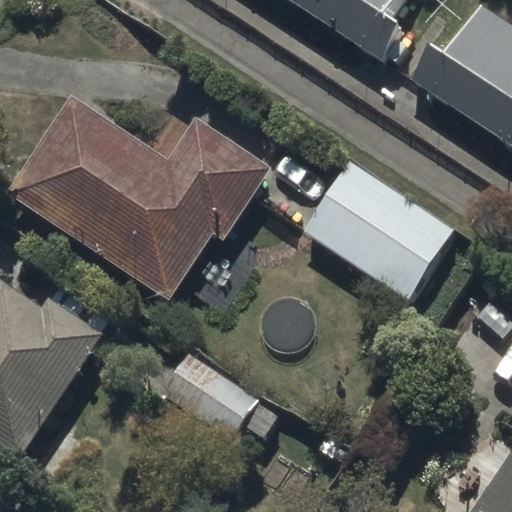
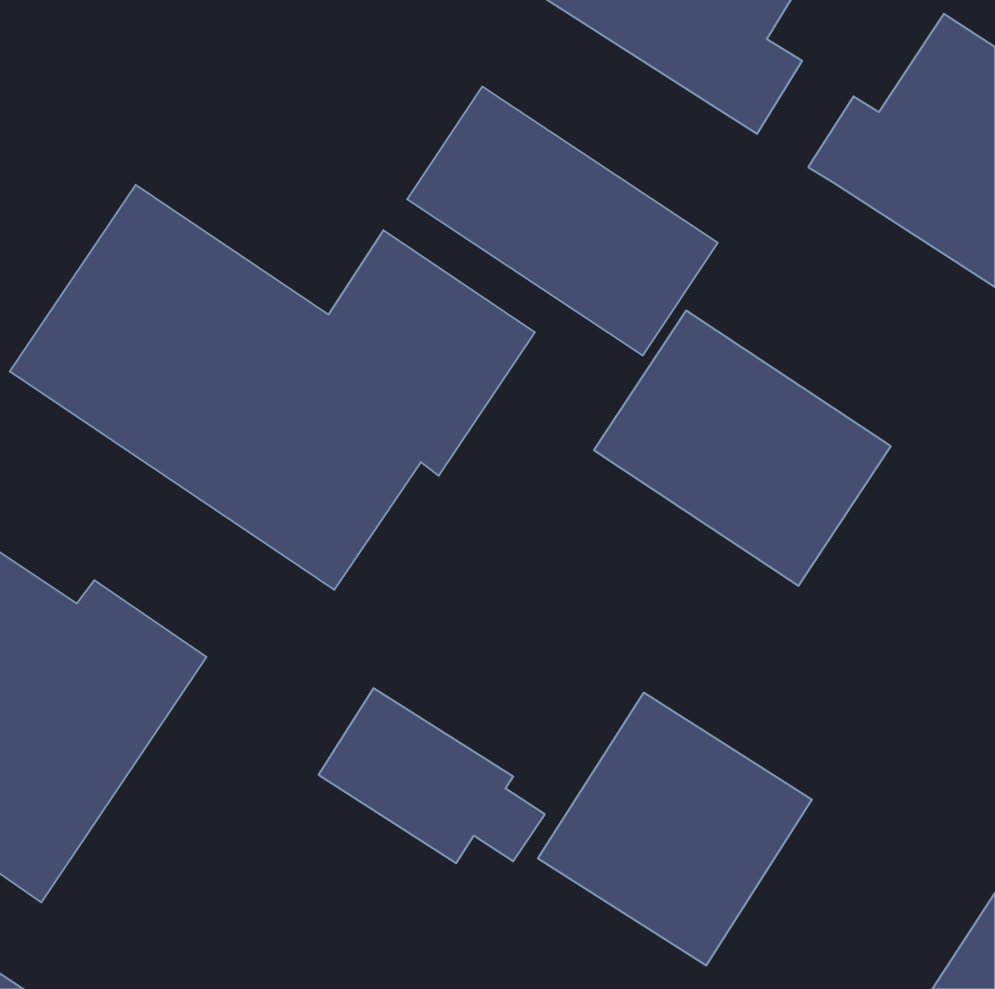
building: none -> [407,87,718,356]
building: none -> [538,693,812,966]

